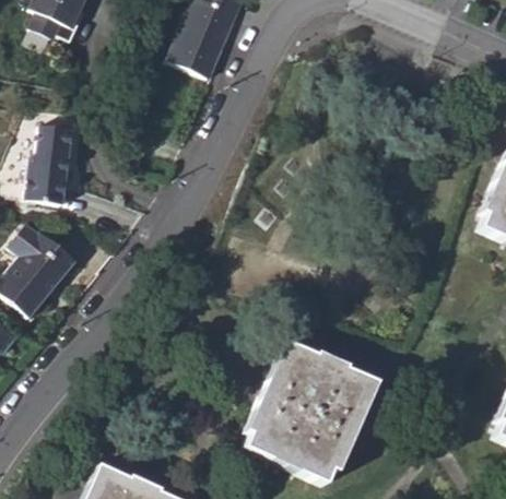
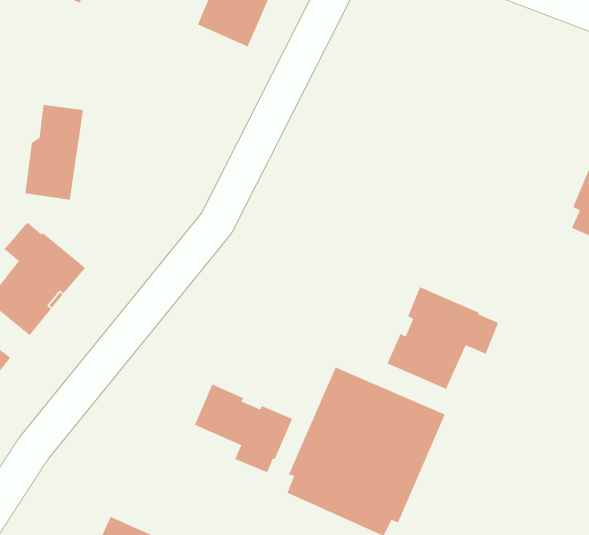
building: none -> [387,286,499,390]
building: none -> [194,384,293,473]

